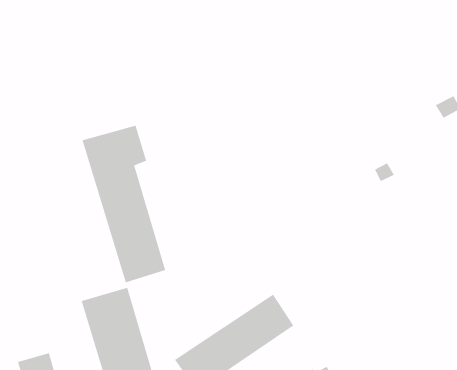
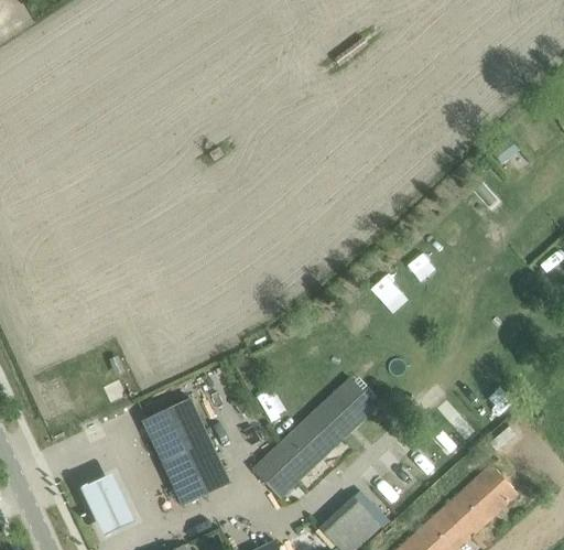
building: [82,125,166,283] -> none

